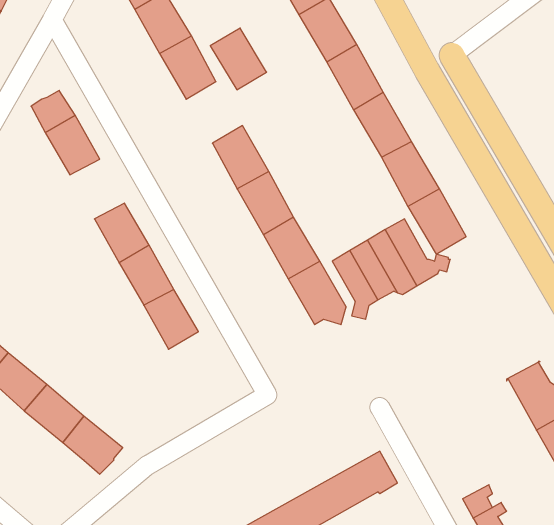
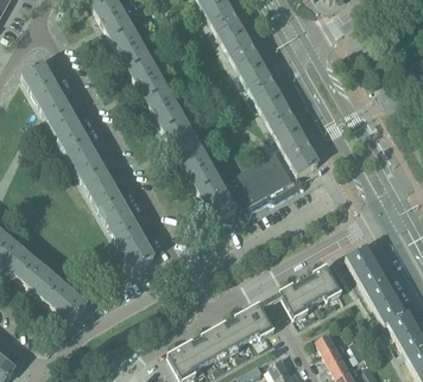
building: [210,28,267,90] -> [130,57,168,98]
building: none -> [51,109,88,149]
building: none -> [118,225,154,267]
building: none -> [282,268,340,316]

